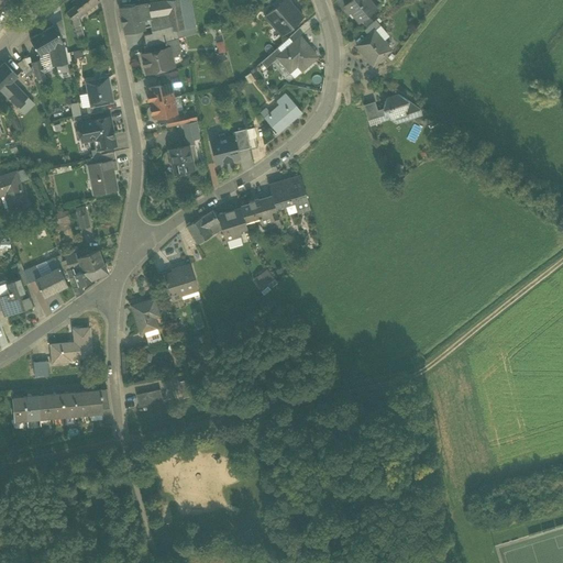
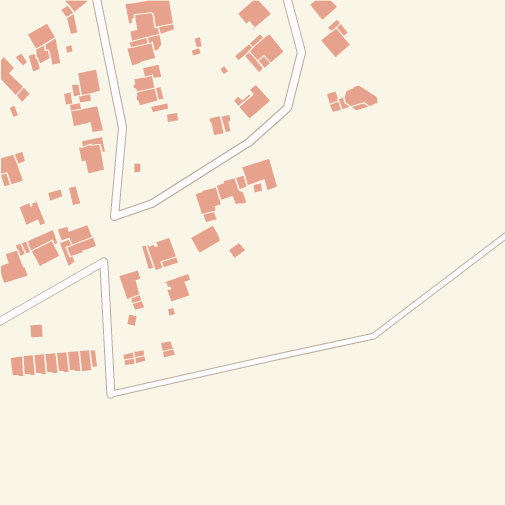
building: [120,4,143,32] -> none
building: [211,136,239,163] -> none
building: [169,145,192,174] -> none
building: [187,211,221,243] -> [190,225,221,254]
building: none -> [19,200,46,226]
building: none -> [164,273,191,302]
building: [51,328,92,362] -> none

